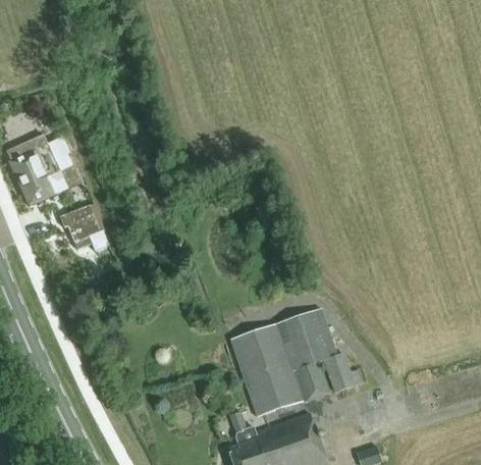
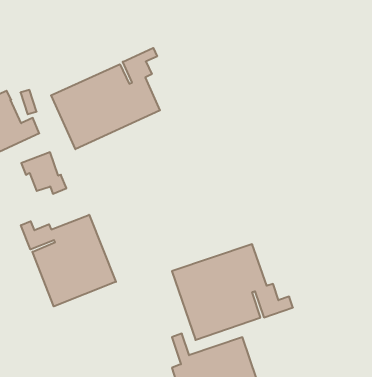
building: none -> [51,48,160,149]
building: none -> [21,215,116,306]

